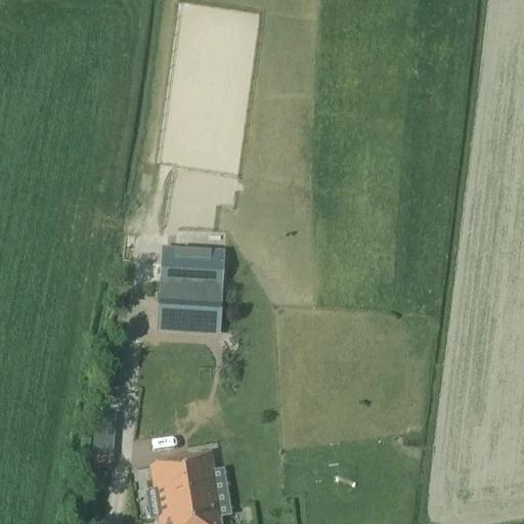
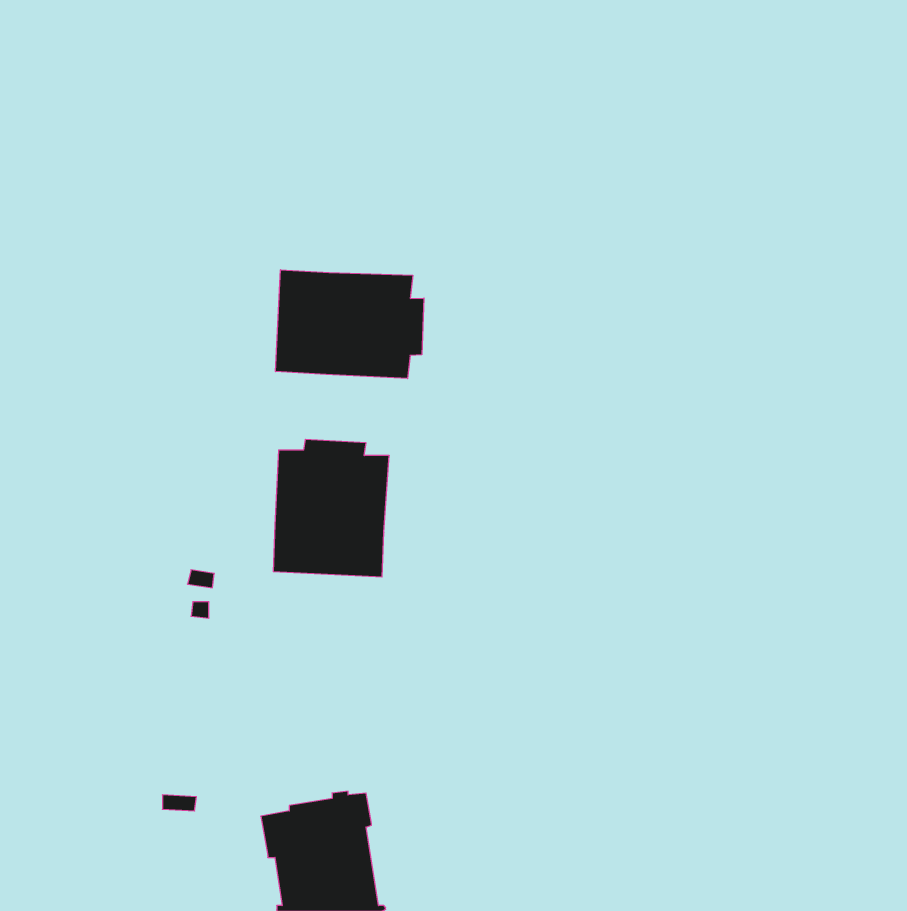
building: none -> [276,270,424,379]

